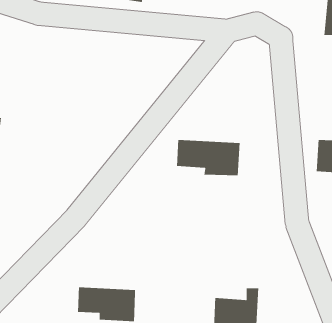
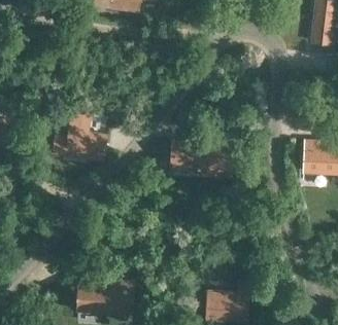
building: none -> [52,116,105,162]

